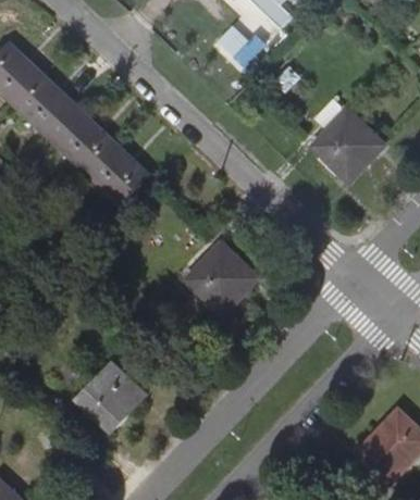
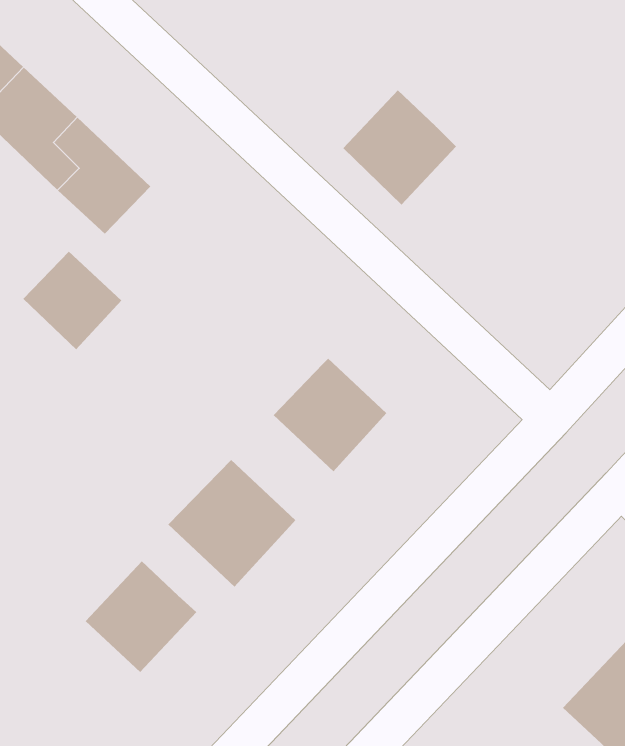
building: [314,110,382,178] -> [342,89,457,205]
building: [89,142,148,201] -> [23,251,122,350]
building: none -> [167,459,296,588]

